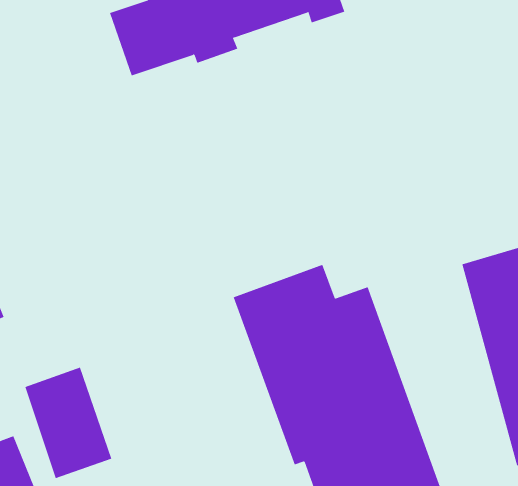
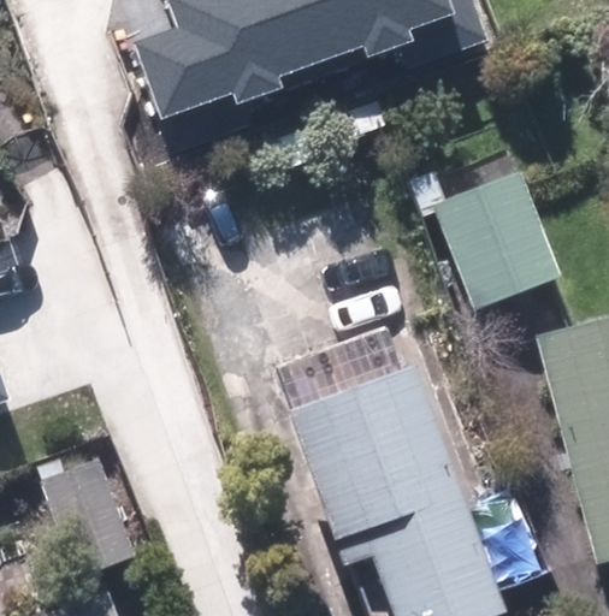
building: none -> [431,172,564,315]

